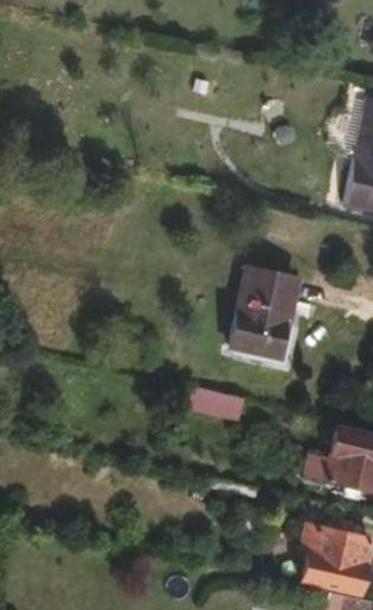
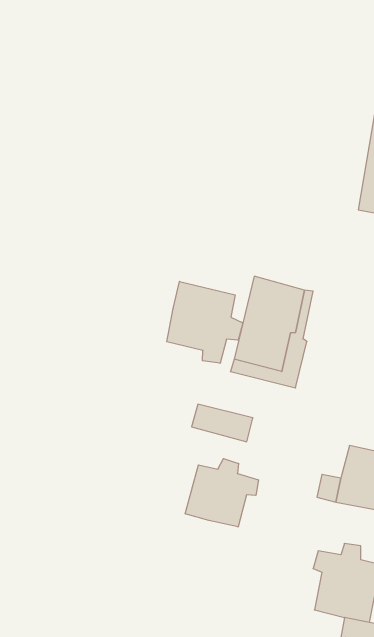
building: none -> [167,281,243,363]
building: none -> [185,459,258,527]

